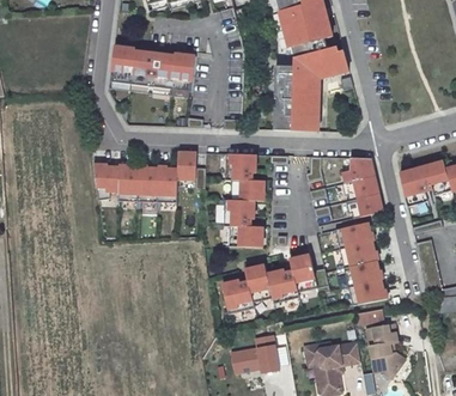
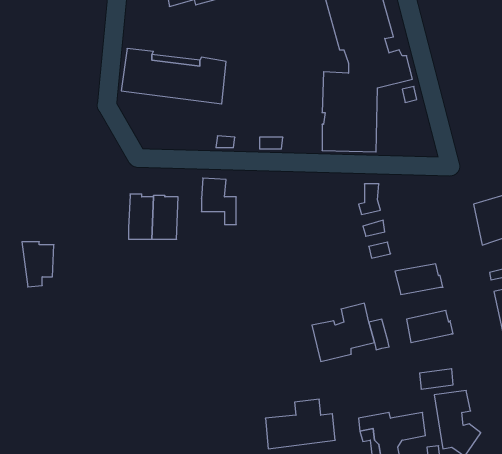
building: [223,152,263,244] -> none
building: [342,156,383,217] -> none
building: [91,163,117,200] -> [22,242,54,287]
building: [156,165,176,202] -> none
building: [340,240,379,267] -> none
building: [223,263,273,312] -> none
building: [348,279,388,306] -> none

